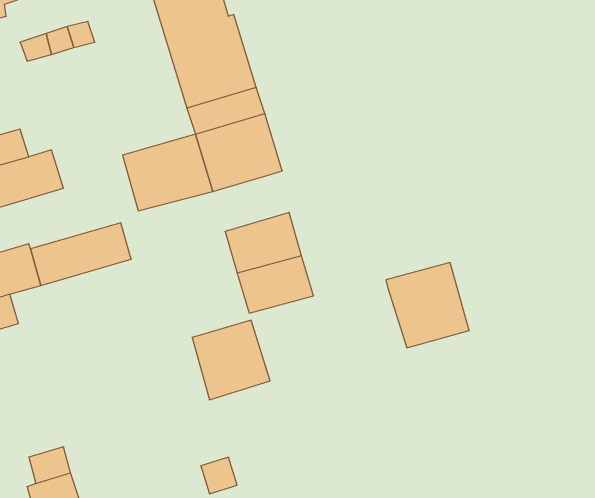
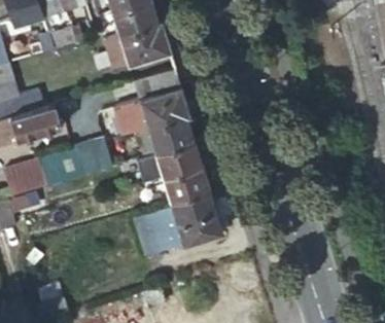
building: none -> [148,118,194,153]
building: [386,263,469,348] -> [170,191,219,242]

